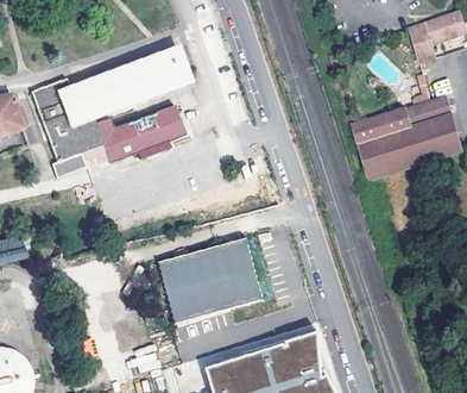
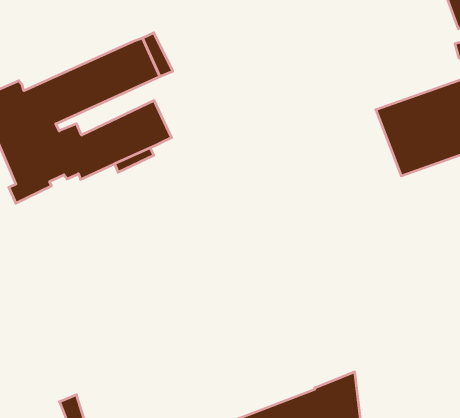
building: [158,239,261,320] -> none

